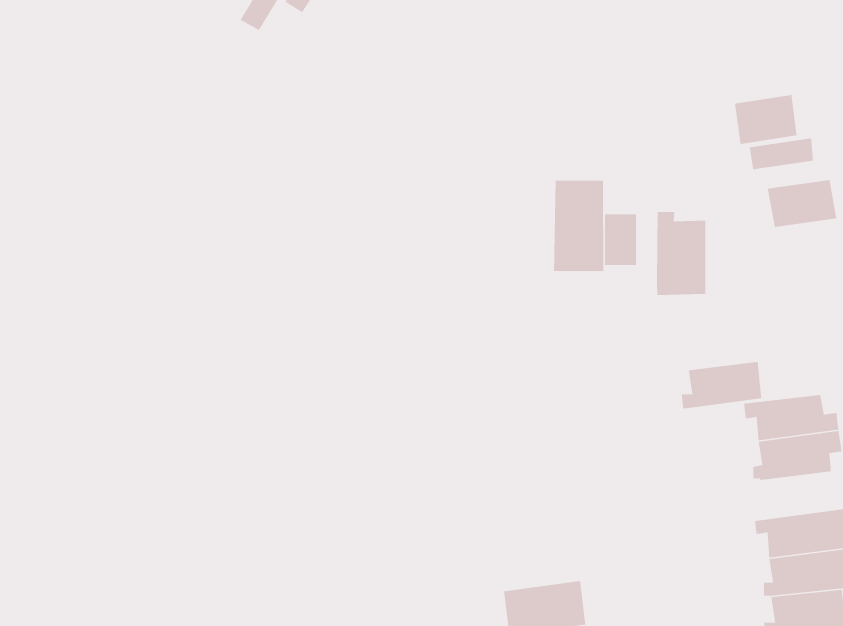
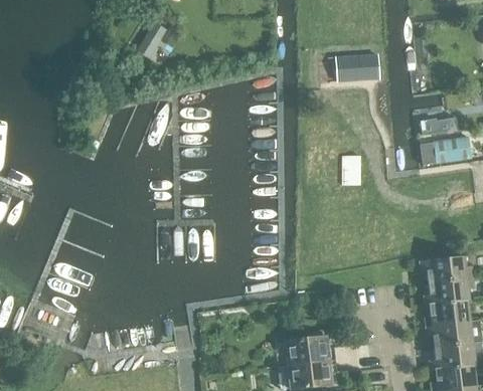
building: none -> [335,53,377,81]
building: [553,180,604,272] -> none
building: [656,211,706,296] -> none
building: [681,361,762,410] -> [424,299,469,326]
building: none -> [282,335,328,365]

